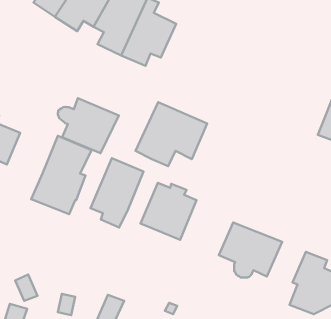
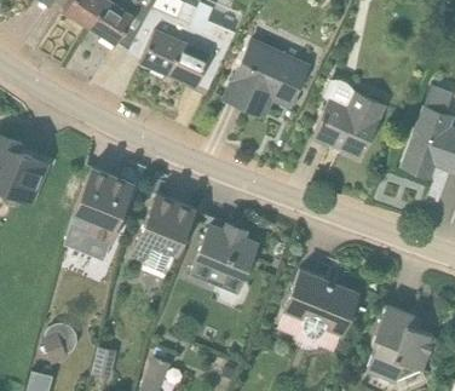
building: none -> [312,92,381,160]
building: [58,98,119,153] -> none
building: [136,102,207,166] -> [224,39,309,115]

